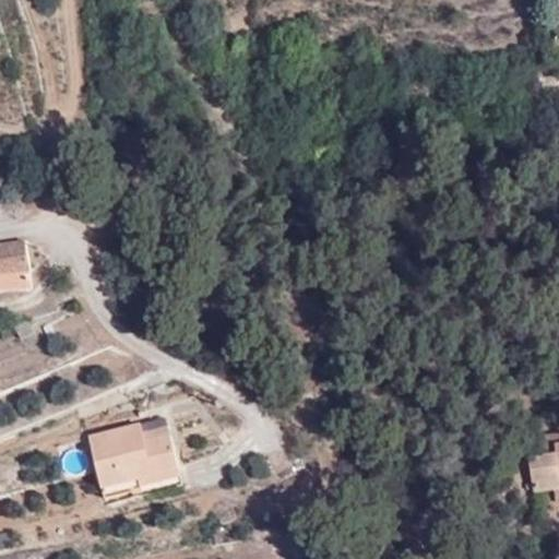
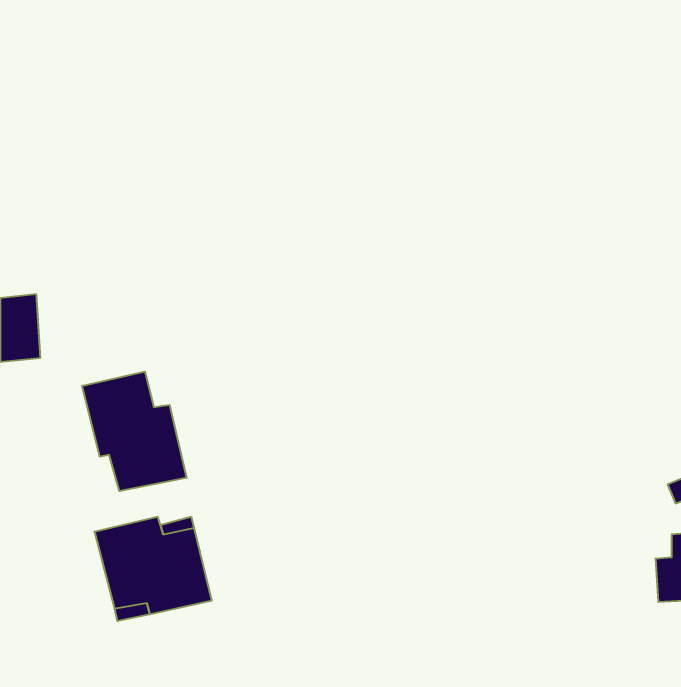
building: none -> [82,372,186,491]

